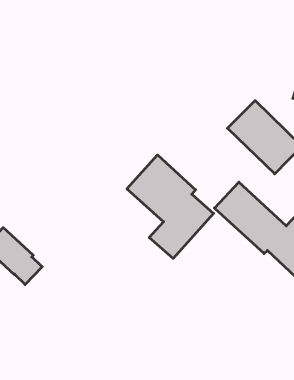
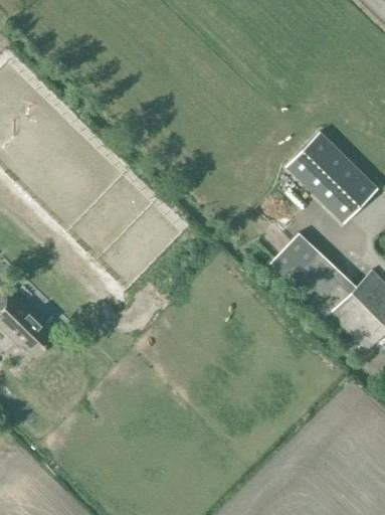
building: [127,155,214,258] -> none

